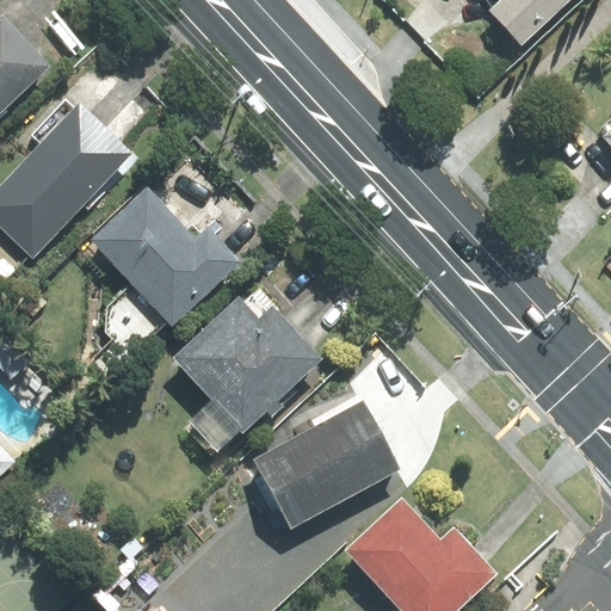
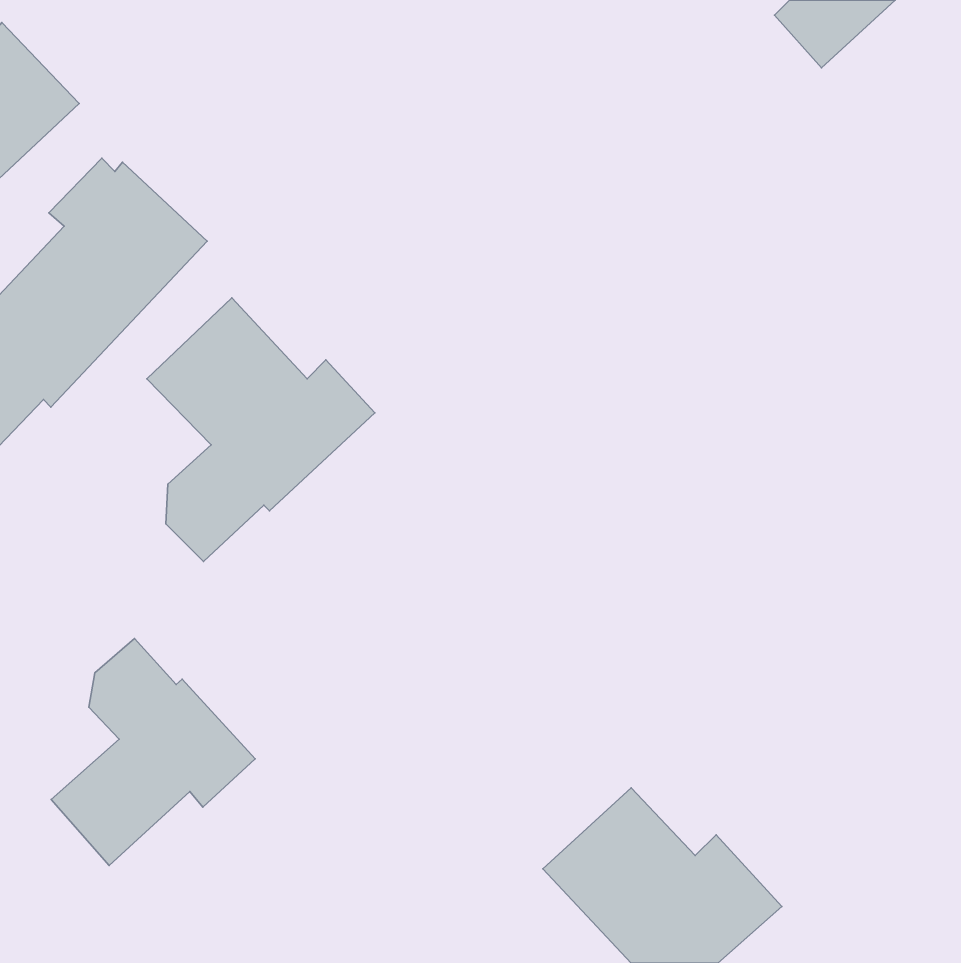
building: [172,286,322,450] -> none
building: [254,401,399,527] -> none
building: none -> [51,638,255,866]

